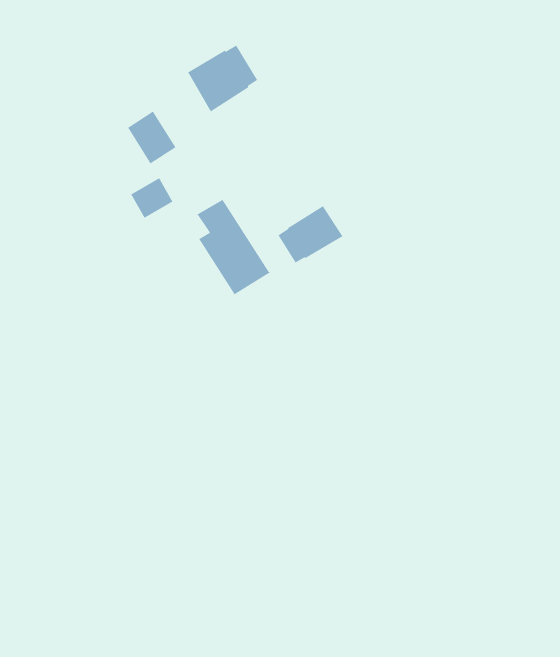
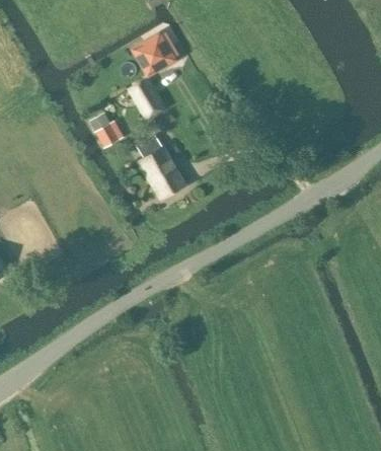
building: [127,111,176,165] -> [127,77,159,112]
building: [278,205,344,264] -> none

